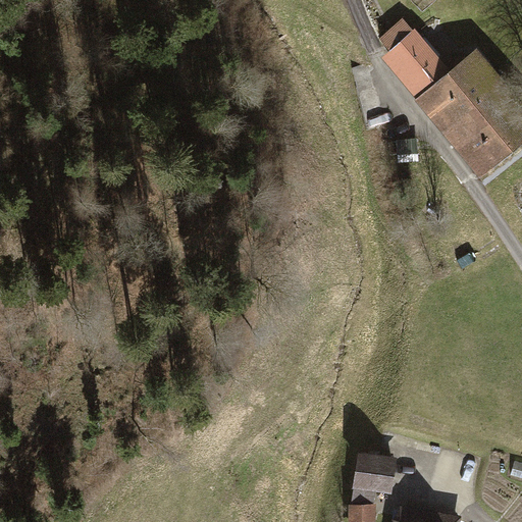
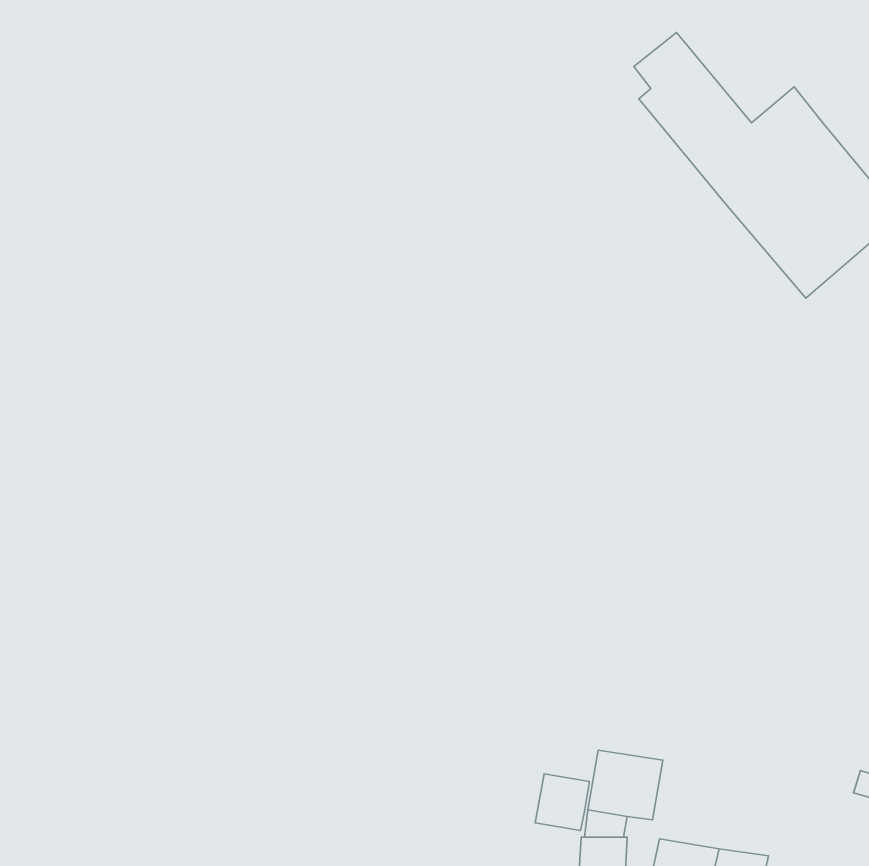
building: none -> [535,774,590,830]

